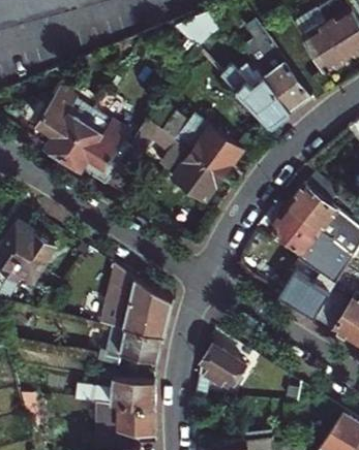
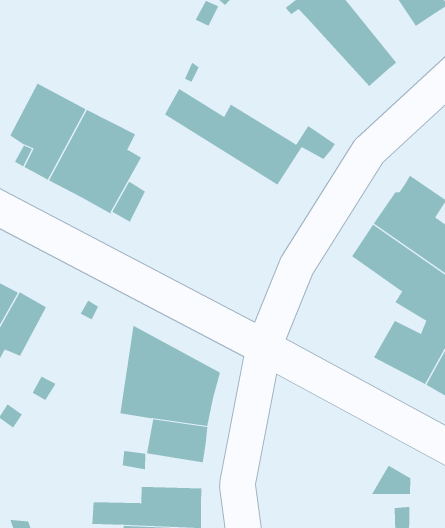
building: [217,60,288,125] -> none
building: [128,120,219,199] -> none
building: [192,347,243,397] -> none

